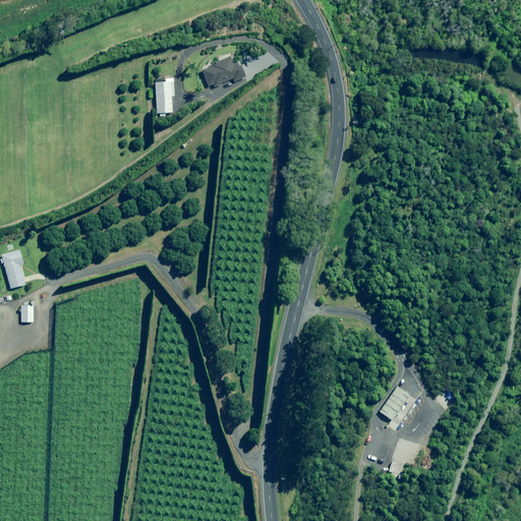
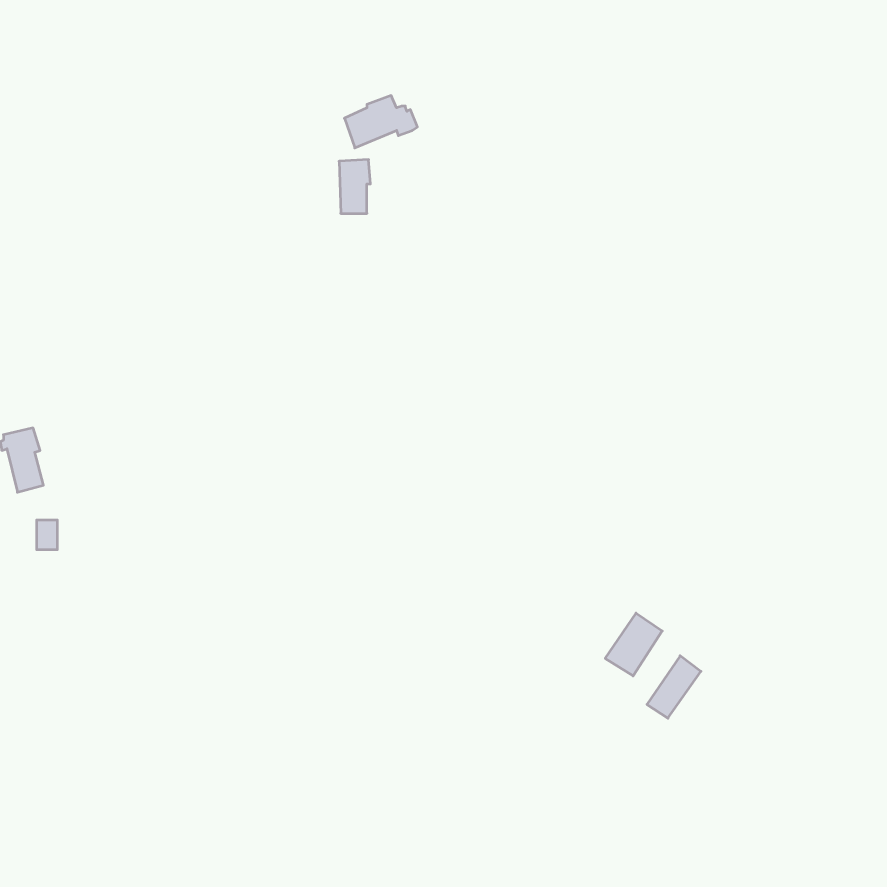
building: [156,80,174,112] -> [339,160,370,213]
building: none -> [605,613,662,676]

